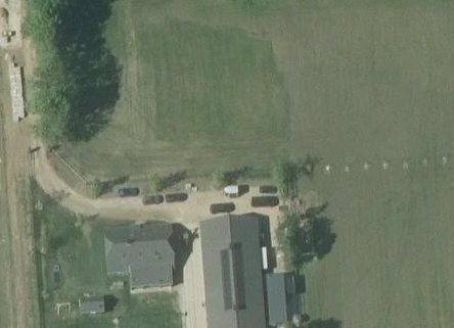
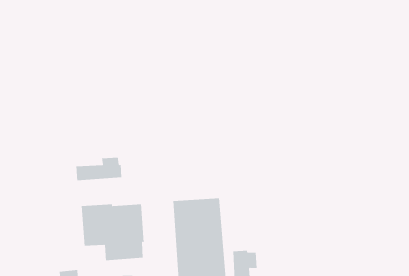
building: none -> [76,157,122,181]

